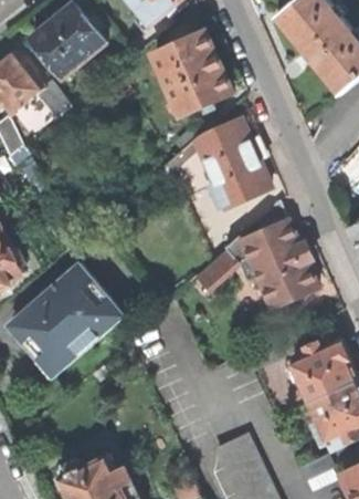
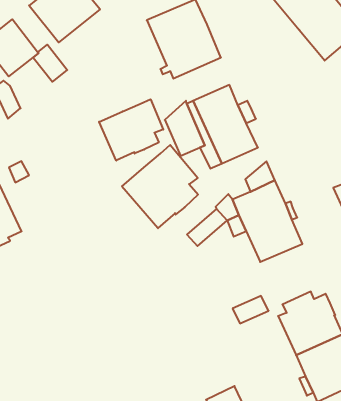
building: none -> [99,99,163,161]
building: none -> [122,145,198,228]
building: [12,263,125,373] -> none

